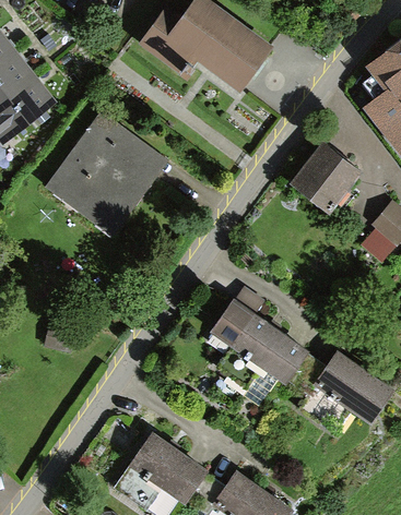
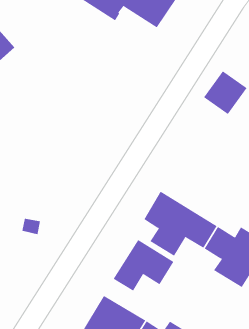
building: [46,110,169,235] -> none
building: none -> [113,239,174,292]

